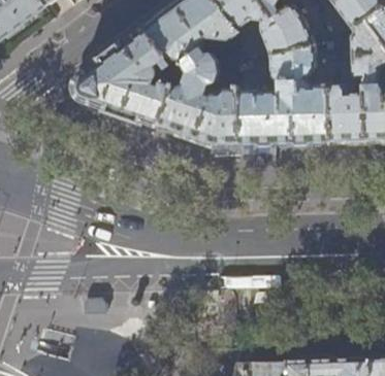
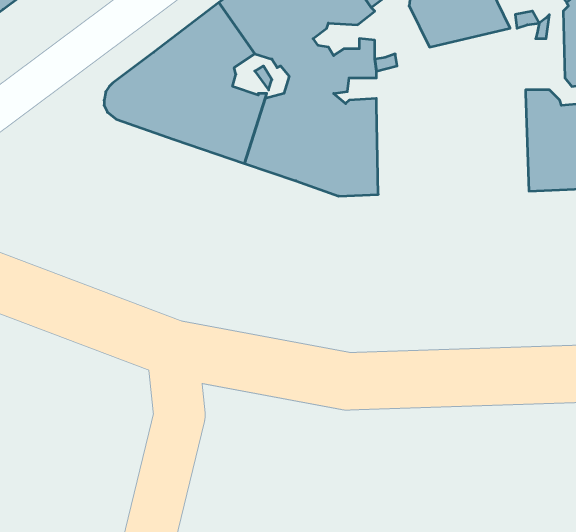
building: [238,42,330,142] -> none

